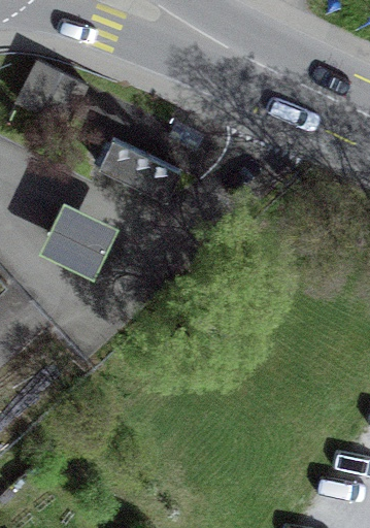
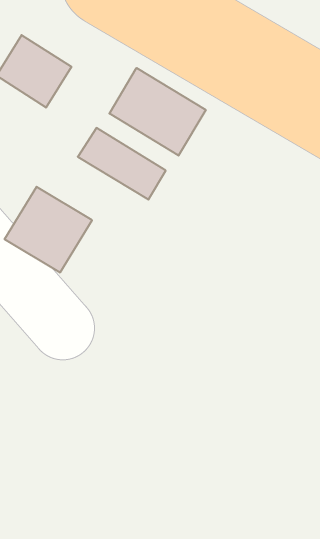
building: none -> [109,68,206,156]

